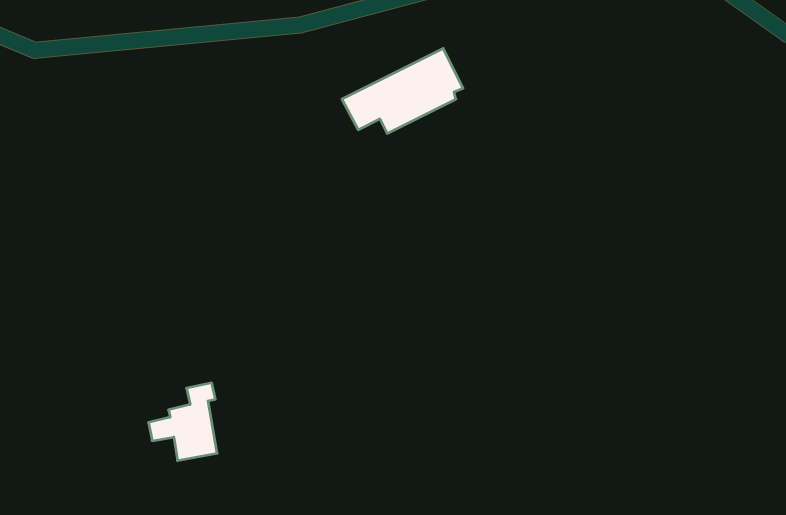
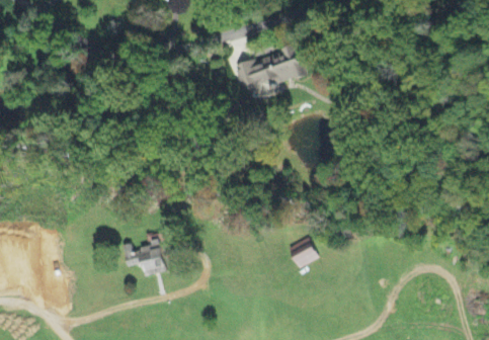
building: none -> [289,238,319,268]

